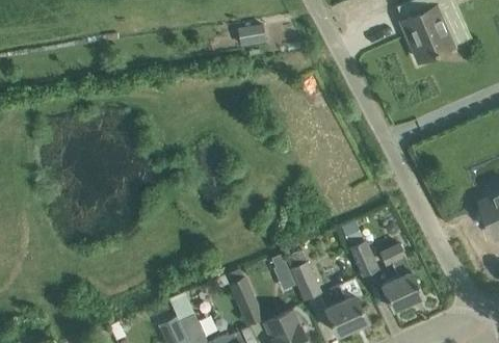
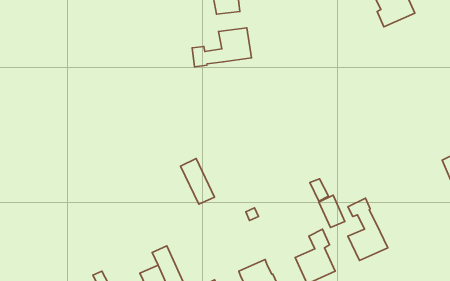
building: none -> [192,28,252,67]
building: [290,261,320,299] -> none
building: [228,274,264,323] -> [180,158,215,204]

